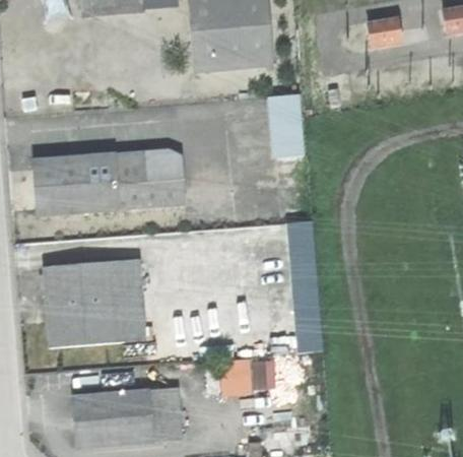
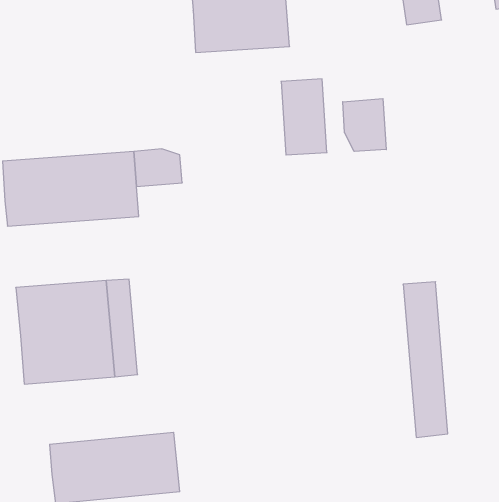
building: none -> [343,99,386,151]
building: [144,178,184,206] -> none
building: [284,218,322,349] -> [403,282,448,437]
building: [217,354,276,391] -> none

